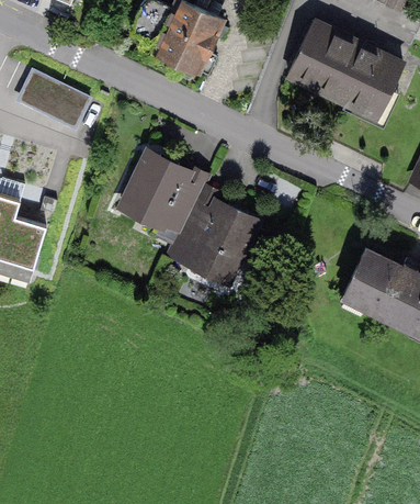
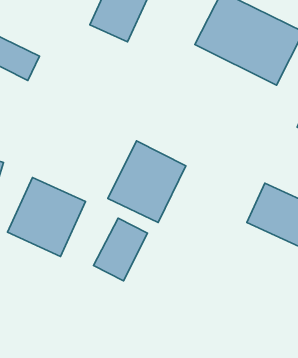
building: [114,148,209,245] -> [7,177,85,257]
building: none -> [93,218,147,281]

